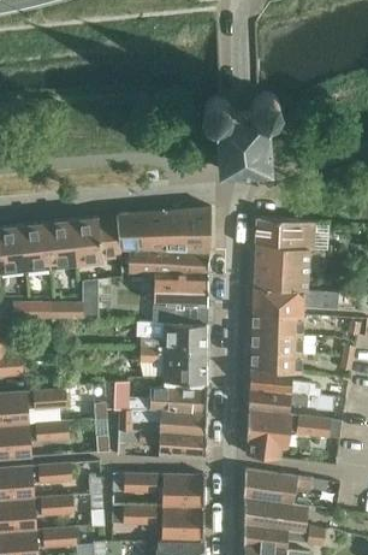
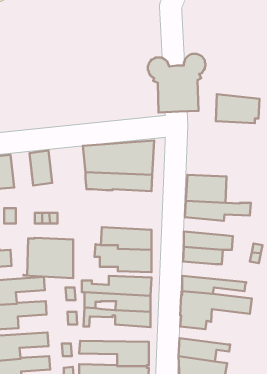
building: [71,214,120,264] -> none
building: [256,217,314,255] -> [216,94,259,123]
building: [20,224,51,270] -> none
building: [142,272,208,326] -> [24,238,73,278]
building: [251,309,304,333] -> none
building: [249,368,336,396] -> none

